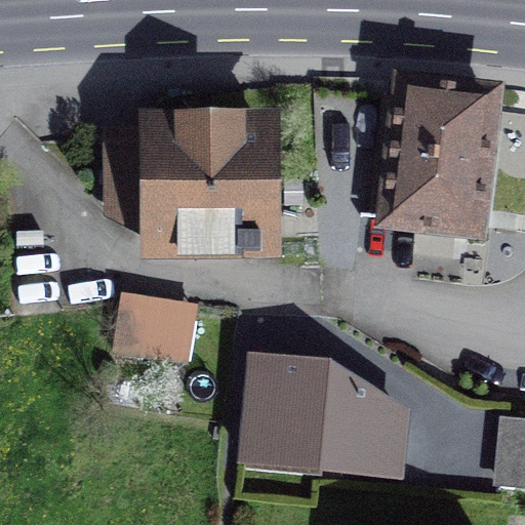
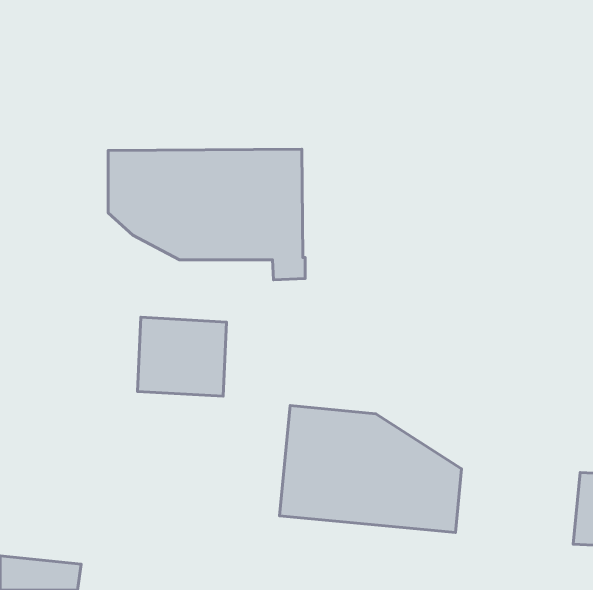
building: [363,88,496,252] -> none

